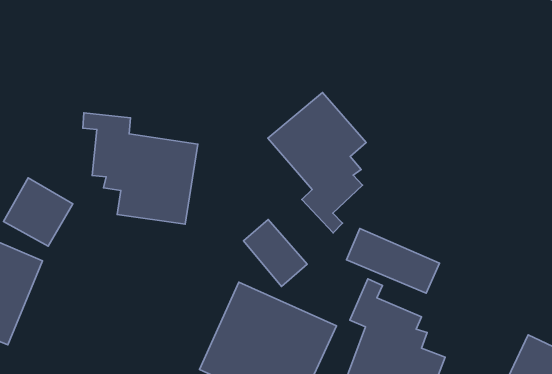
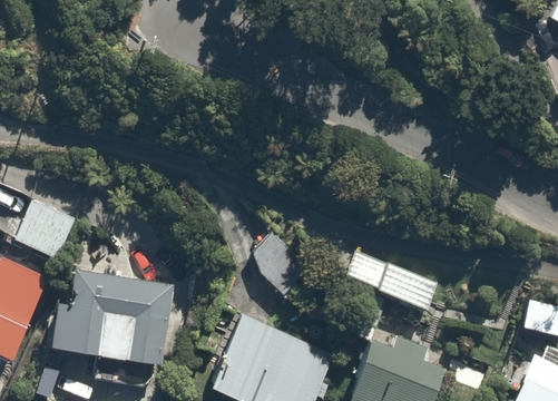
building: [268,92,366,233] -> none
building: [83,113,198,224] -> none
building: none -> [43,270,173,379]

